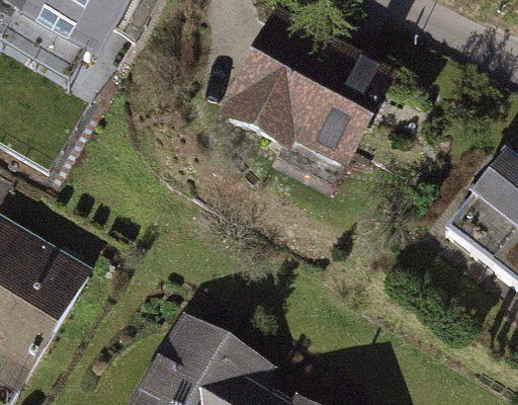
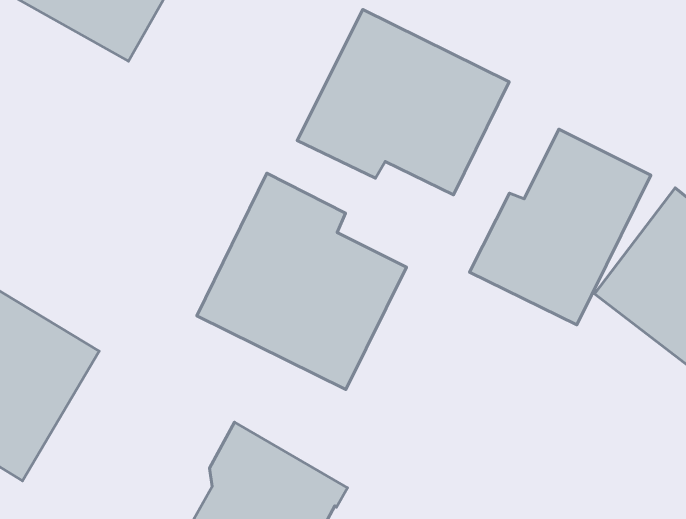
building: none -> [469,129,651,325]
building: none -> [197,173,406,390]

